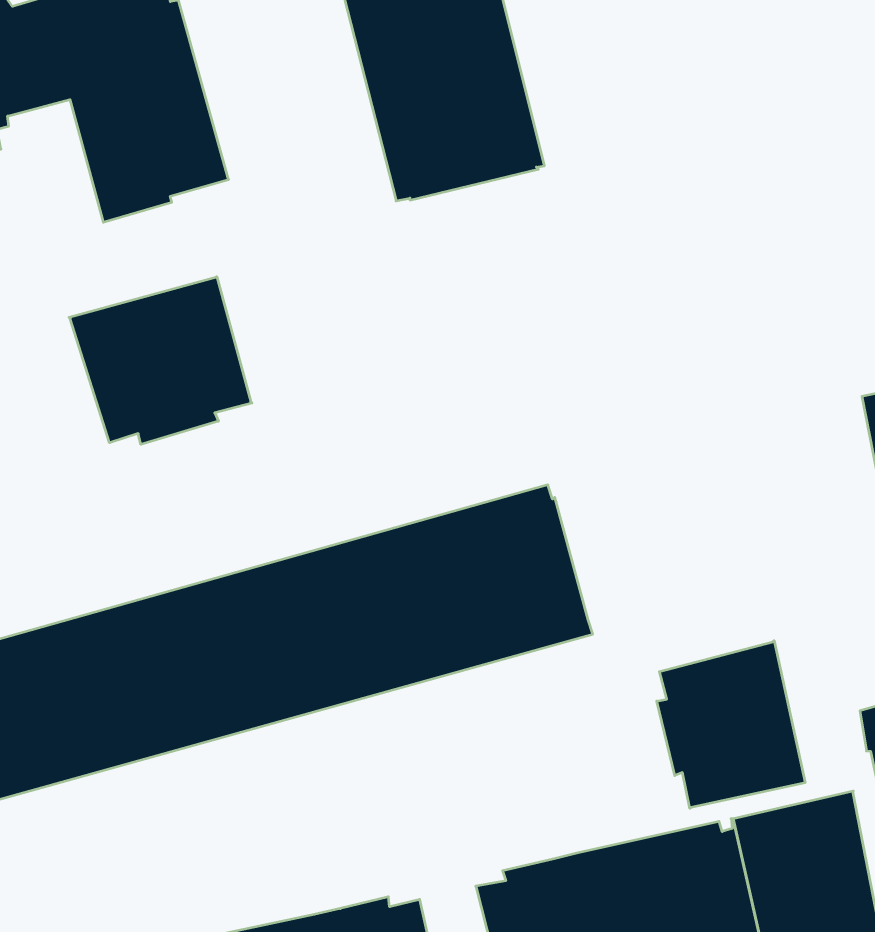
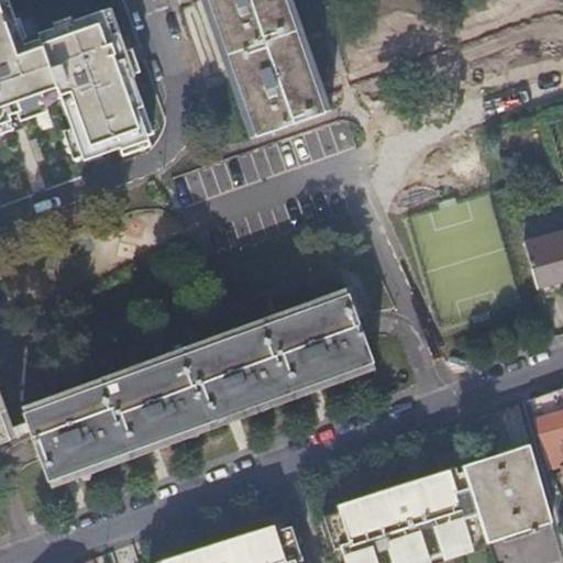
building: [69,277,252,444] -> none
building: [657,641,805,808] -> none

